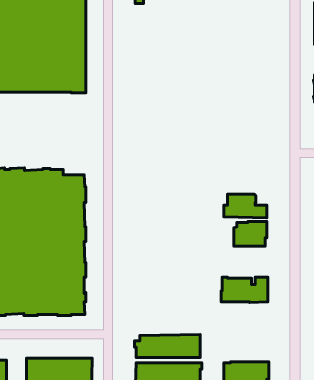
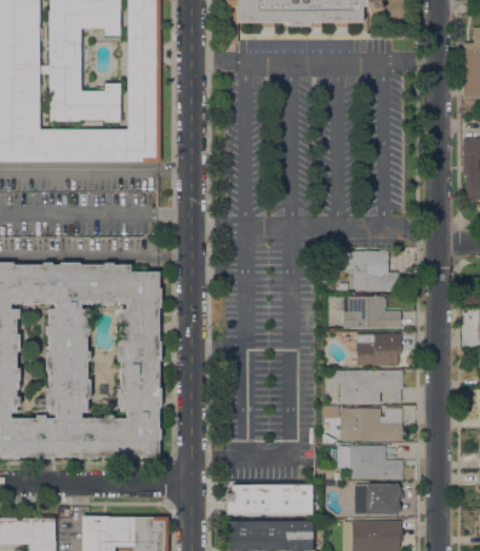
building: none -> [345,249,400,291]
building: none -> [336,369,402,403]
building: none -> [337,444,402,477]
building: none -> [343,482,401,516]

